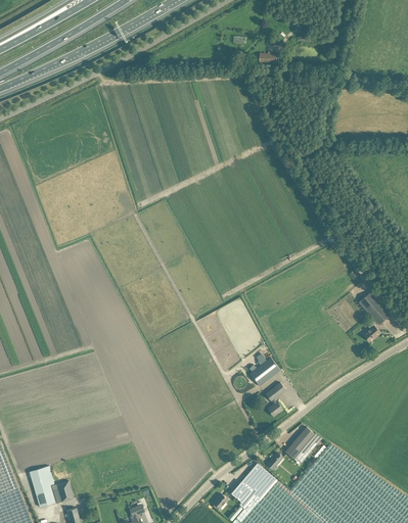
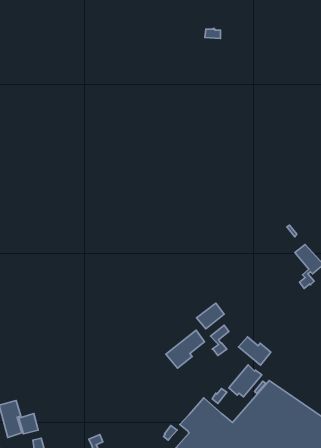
building: none -> [166,330,205,368]
building: none -> [239,337,271,365]

